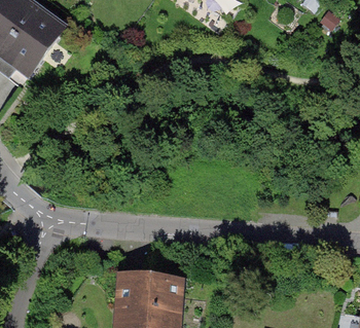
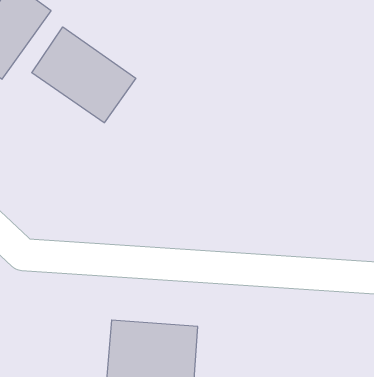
building: none -> [32,27,136,123]

